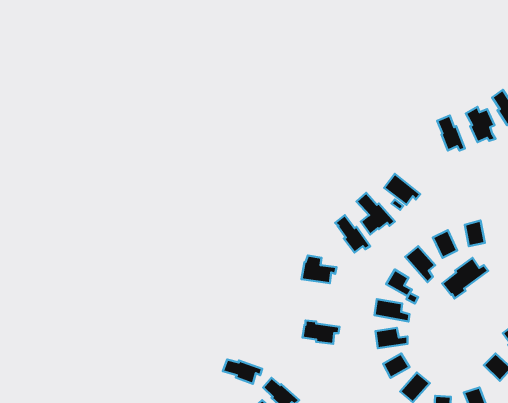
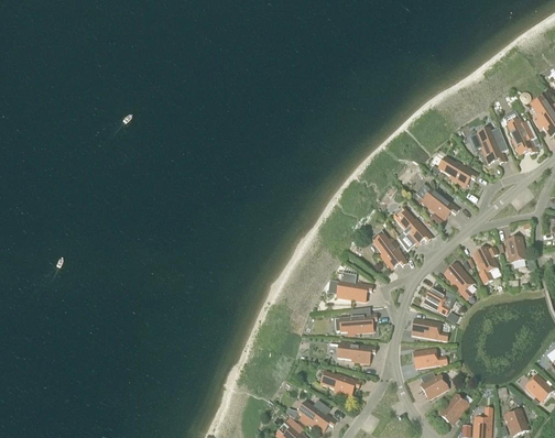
building: none -> [438,156,478,186]
building: [442,258,488,298] -> none
building: none -> [335,313,377,332]
building: [223,359,262,384] -> [320,371,361,396]

